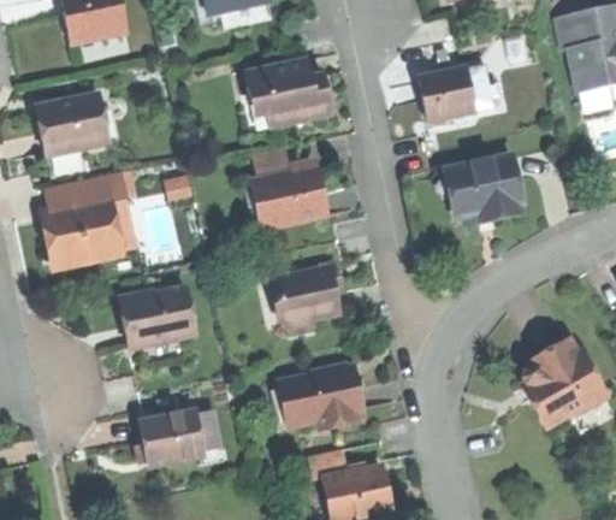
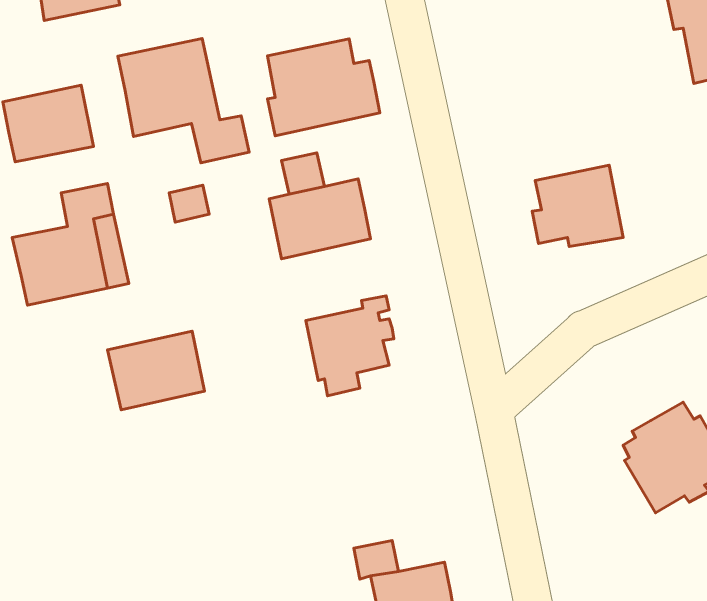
building: none -> [118,39,249,163]
building: [420,63,499,119] -> none
building: [286,364,363,429] -> none
building: [140,409,202,466] -> none

